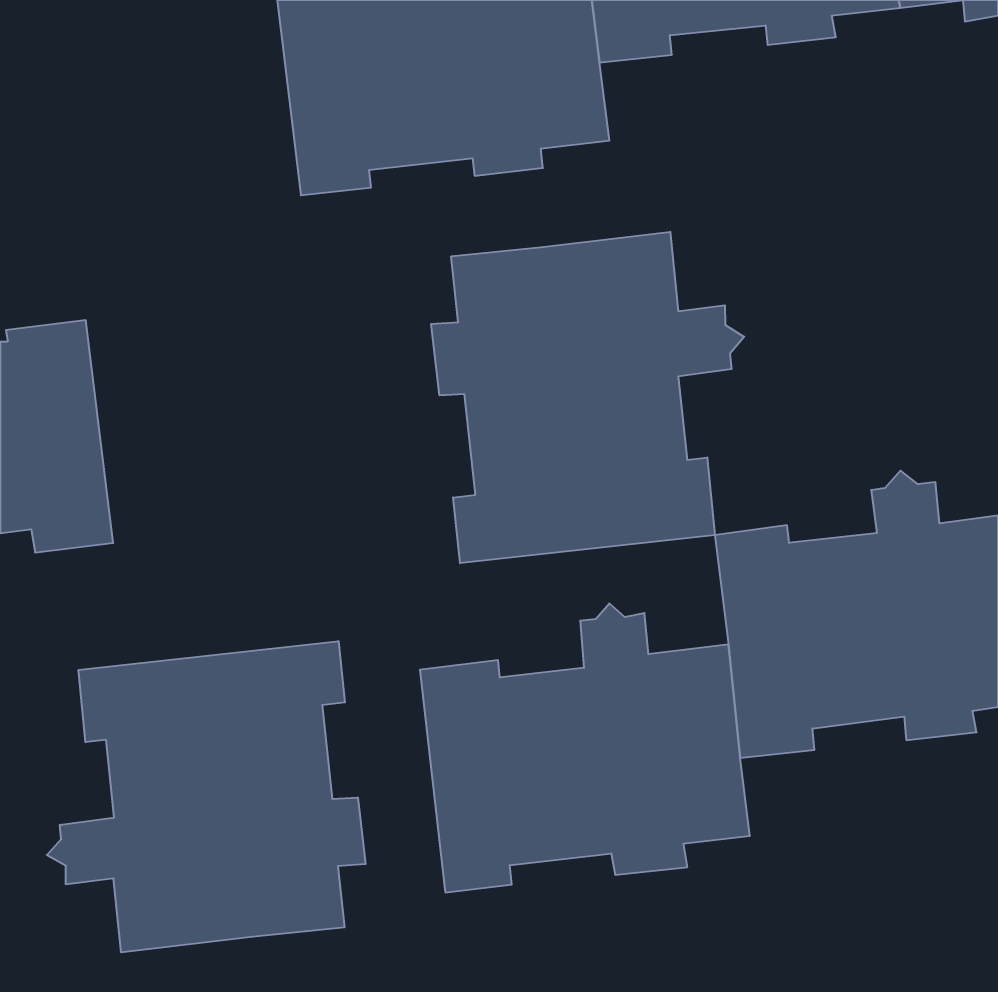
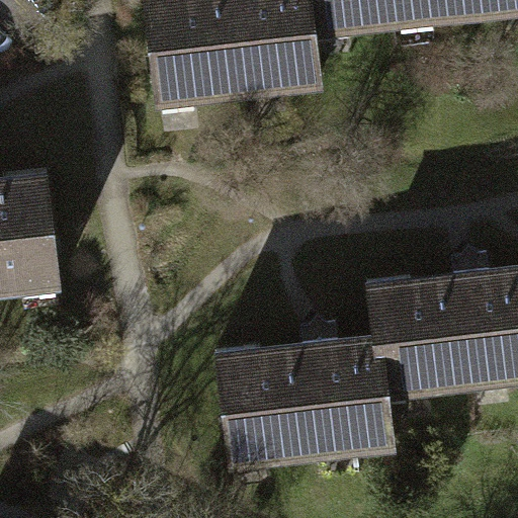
building: [431,232,744,563] -> none
building: [47,641,366,952] -> none

